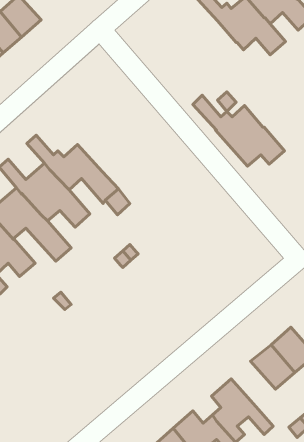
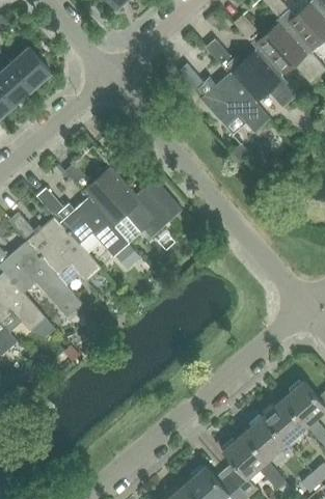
building: [193,95,285,166] -> [178,63,270,135]
building: none -> [65,164,183,238]
building: none -> [243,416,288,462]

